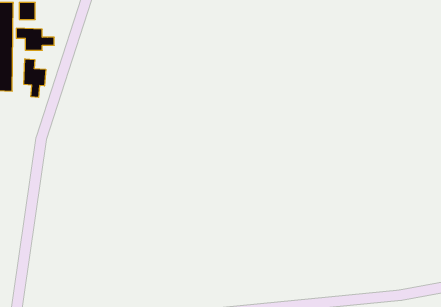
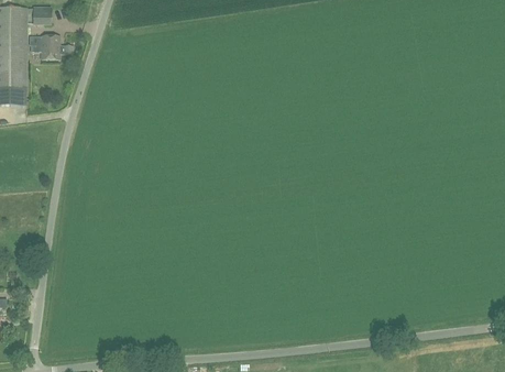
building: [24,59,46,97] -> none

